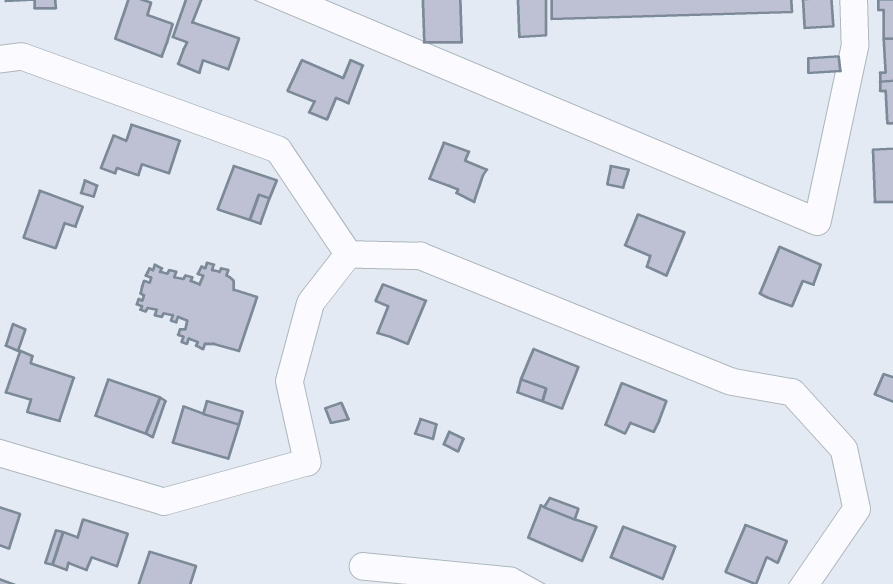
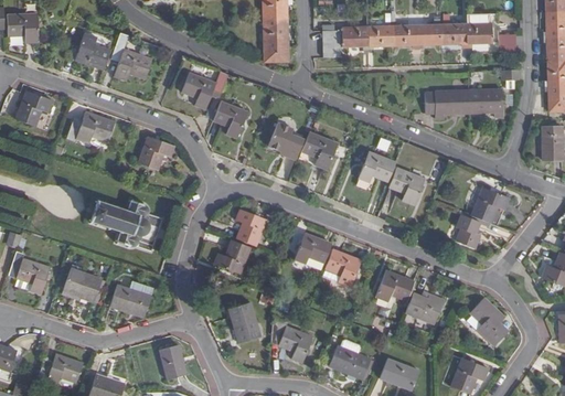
building: none -> [425,89,502,118]
building: none -> [213,100,247,138]
building: none -> [301,131,338,169]
building: none -> [358,151,395,182]
building: [24,191,83,248] -> [17,90,53,126]
building: none -> [456,214,481,248]
building: none -> [294,233,331,264]
building: none -> [213,239,249,274]
building: none -> [405,293,444,323]
building: none -> [470,298,508,345]
building: none -> [227,302,260,343]
building: none -> [270,317,312,362]
building: none -> [159,344,185,379]

